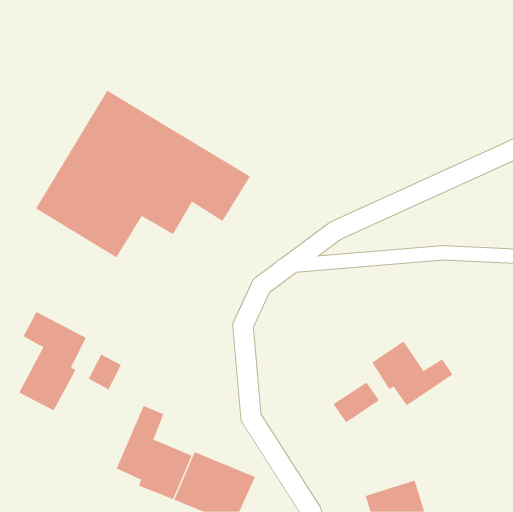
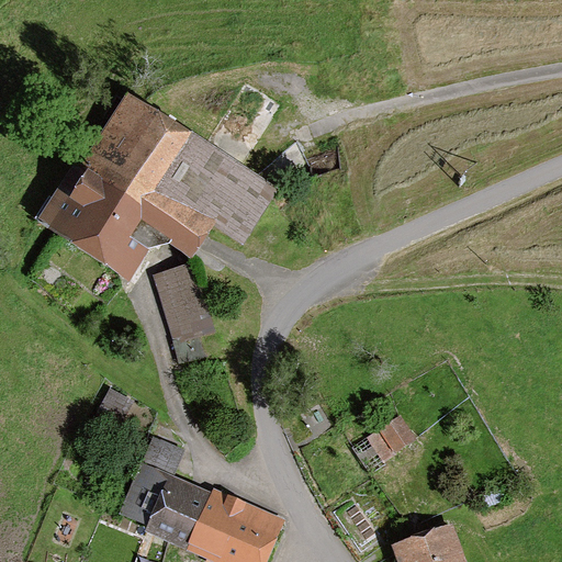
building: none -> [160,269,214,344]
building: [18,311,87,411] -> none
building: [371,340,453,406] -> none

